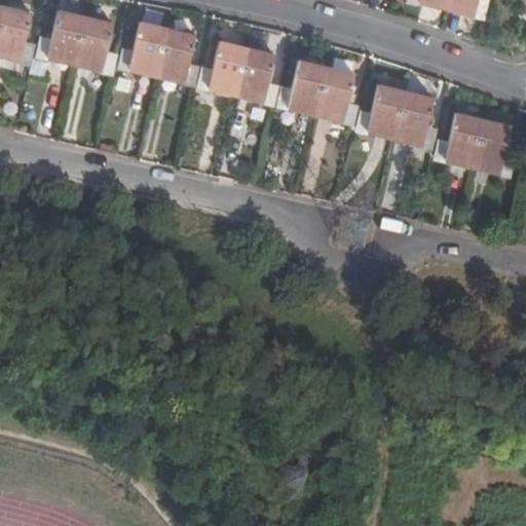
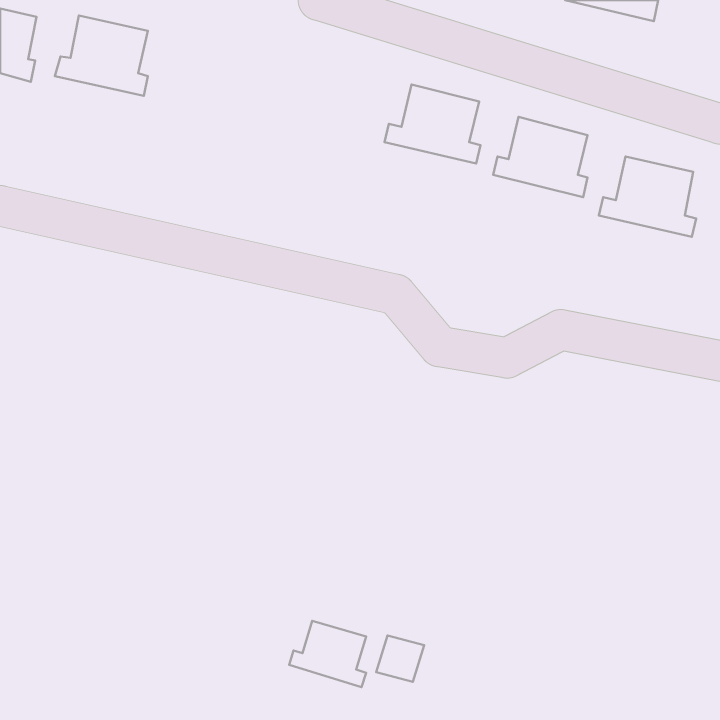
building: [121,24,190,81] -> none
building: [201,42,271,101] -> none
building: none -> [289,621,366,687]

